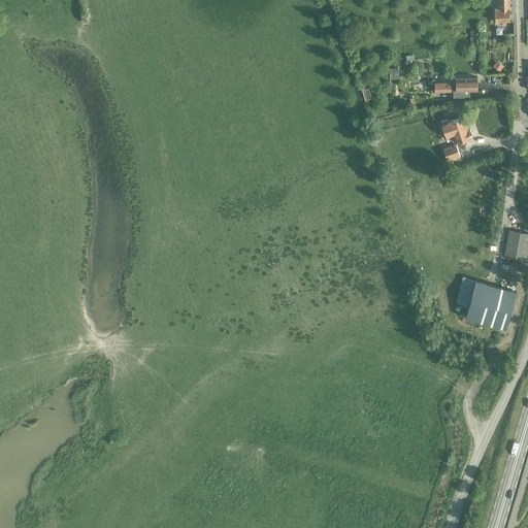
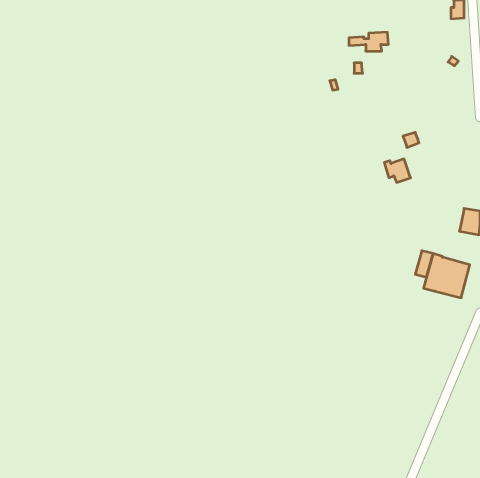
building: [434,78,477,99] -> [349,32,388,51]
building: [441,119,470,144] -> [384,159,411,182]

